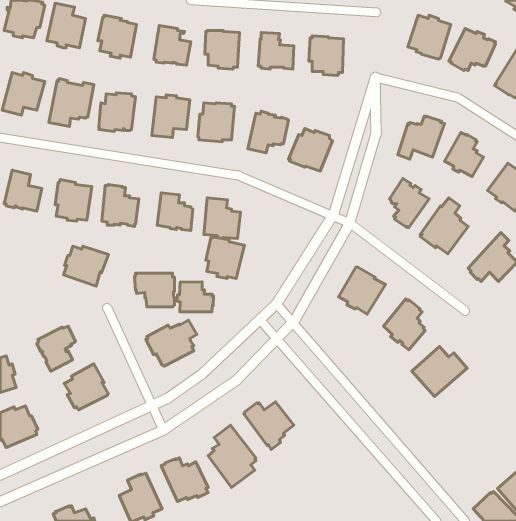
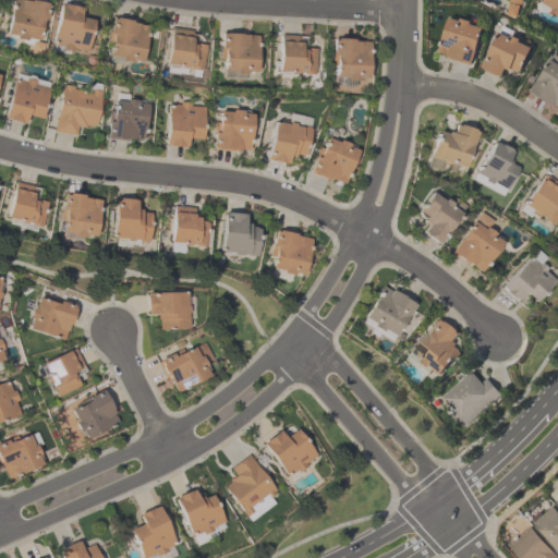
building: [206,237,244,279] -> [274,230,315,275]
building: [64,246,108,286] -> [33,298,81,340]
building: [177,282,213,312] -> none

